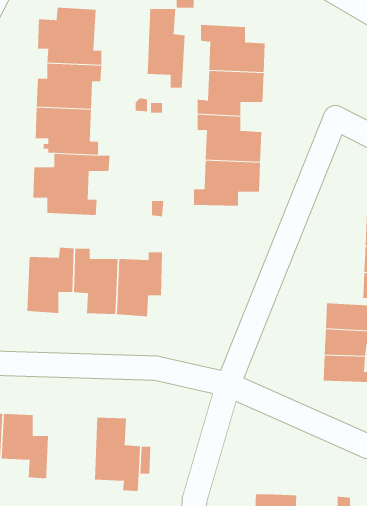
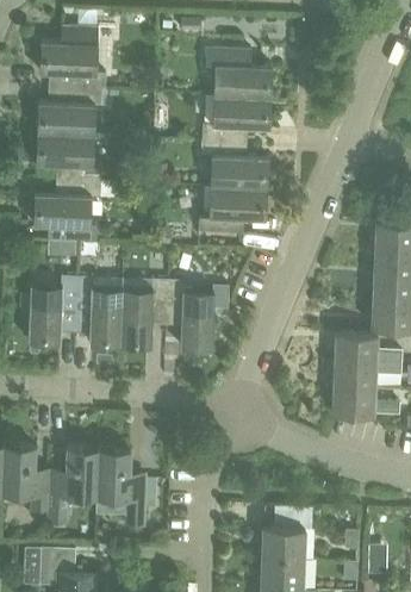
building: [147,8,185,88] -> none
building: none -> [167,281,230,350]
building: none -> [49,449,100,525]

